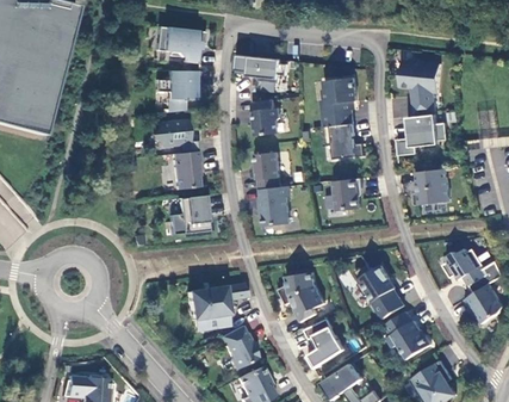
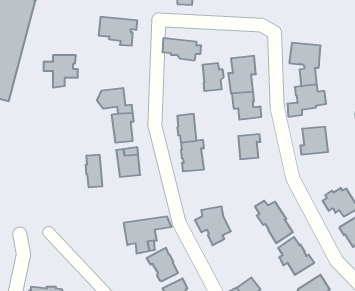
building: [155,70,199,112] -> [44,55,78,88]
building: [253,99,280,135] -> [202,63,224,91]
building: none -> [86,155,102,187]
building: [305,317,344,369] -> none

